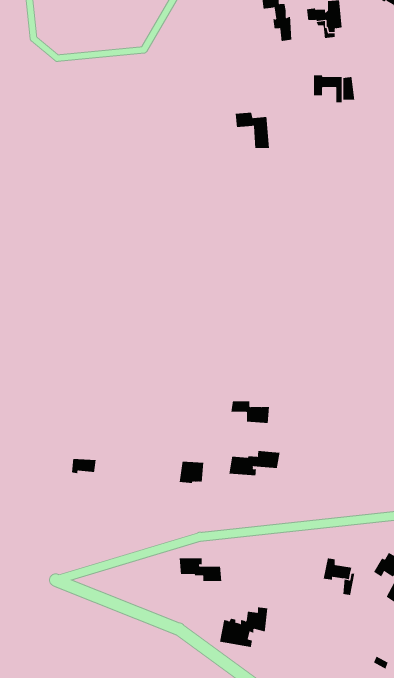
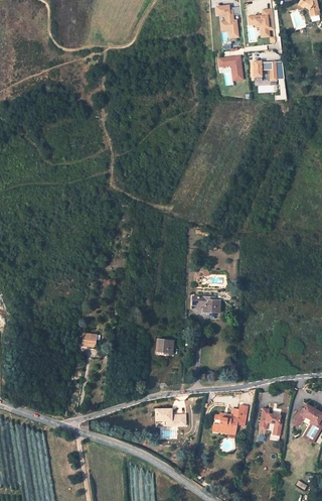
building: [235,112,270,149] -> [215,54,240,81]
building: [229,450,280,476] -> none
building: [219,607,268,647] -> [211,405,247,434]

